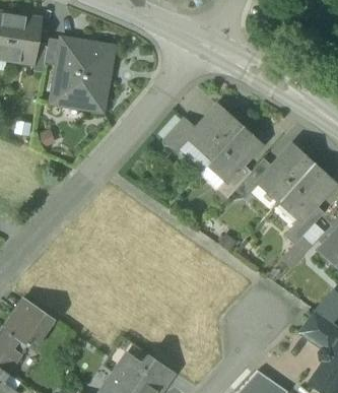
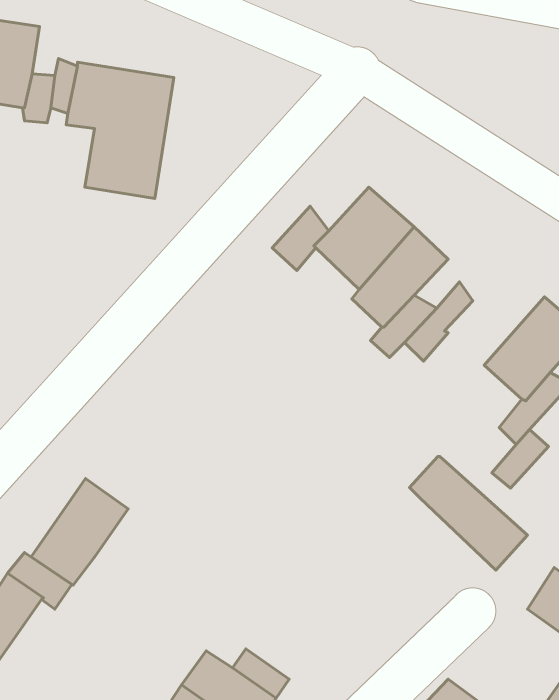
building: [256,146,310,201] -> none
building: none -> [410,456,527,570]
building: none -> [31,478,128,585]

